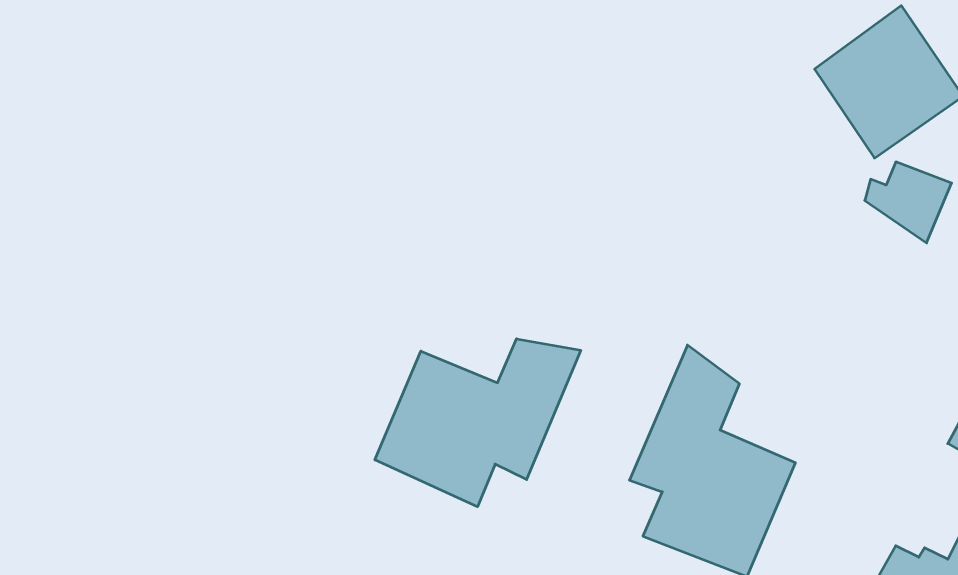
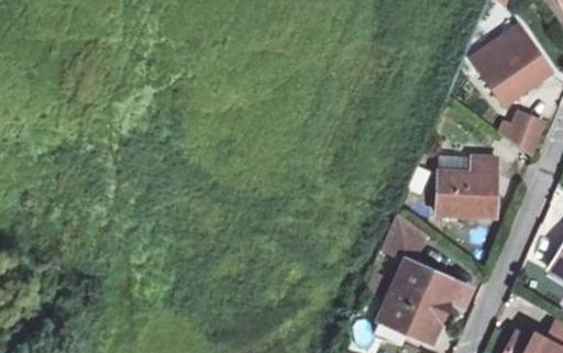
building: none -> [435,155,501,218]
building: [375,339,581,507] -> none

